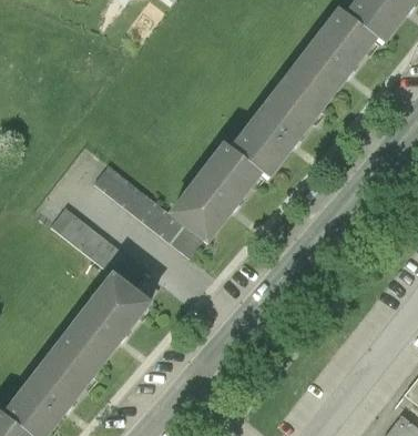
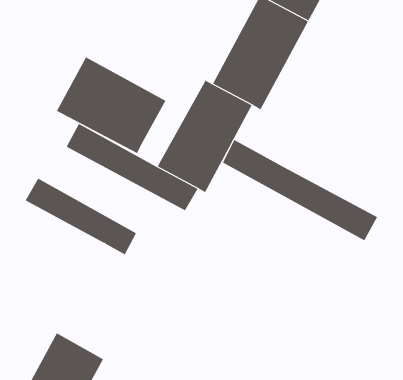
building: none -> [56,56,166,154]
building: none -> [222,139,378,241]
building: [58,273,150,374] -> none

